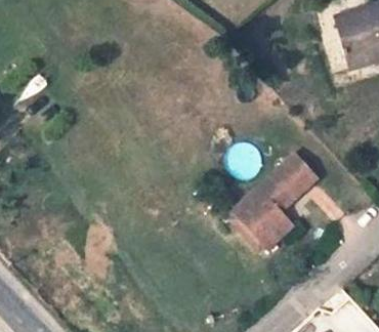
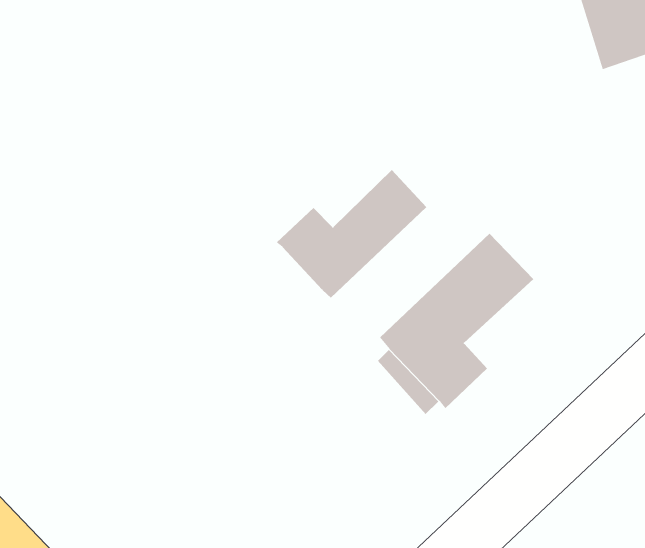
building: none -> [276,169,427,298]

